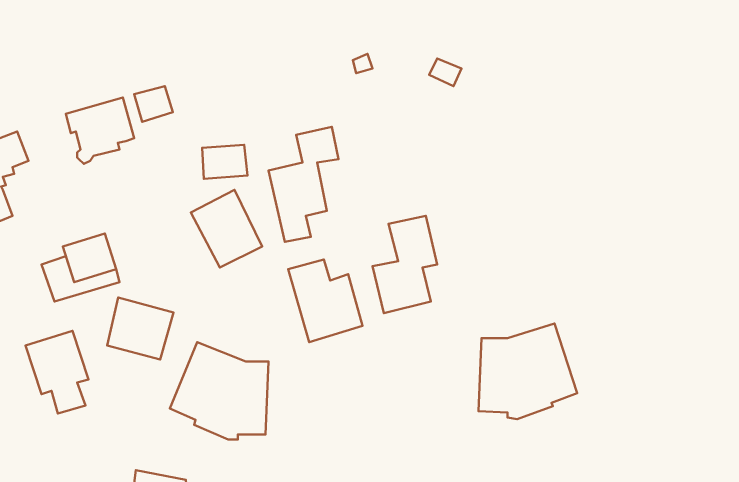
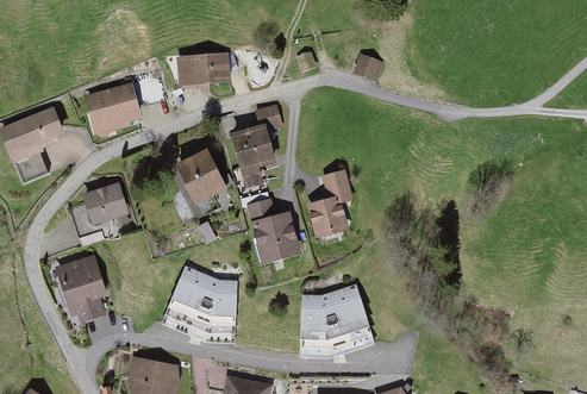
building: [202,145,248,179] -> [188,56,221,81]
building: [107,298,173,359] -> none
building: [478,324,577,419] -> [298,283,370,354]

